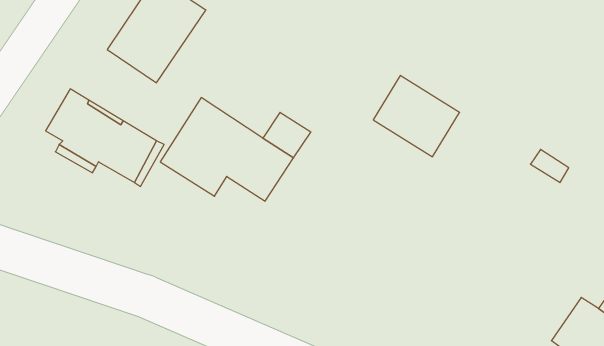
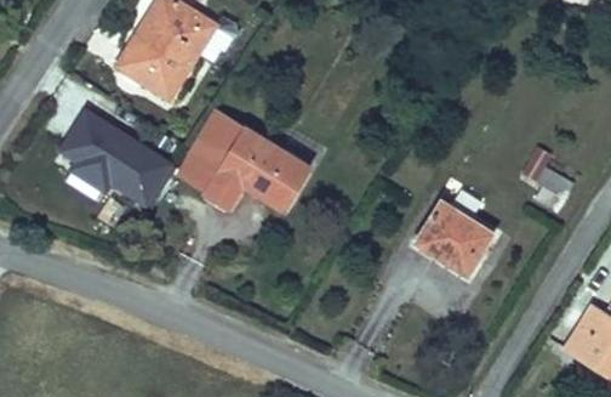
building: [373,75,460,157] -> [416,199,501,279]

